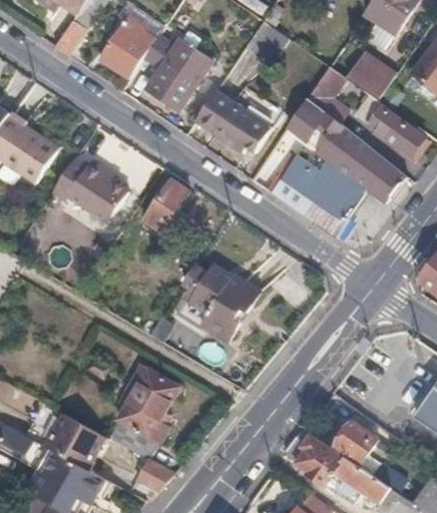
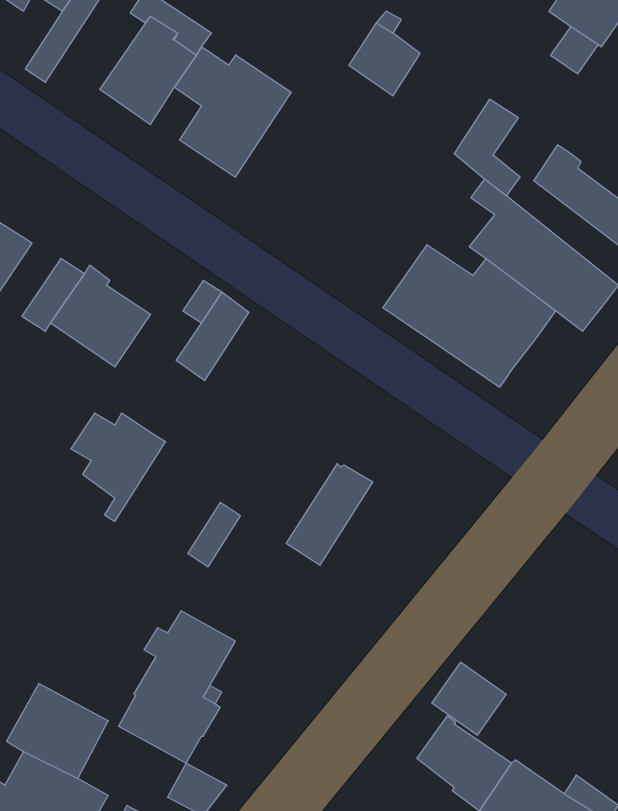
building: [348,52,395,96] -> none
building: [194,89,272,152] -> none
building: [289,97,326,138] -> none
building: [182,264,239,328] -> [71,413,166,522]
building: [334,421,378,464] -> [432,662,506,735]

